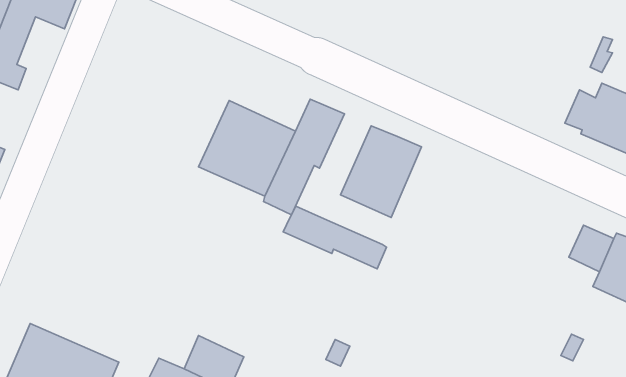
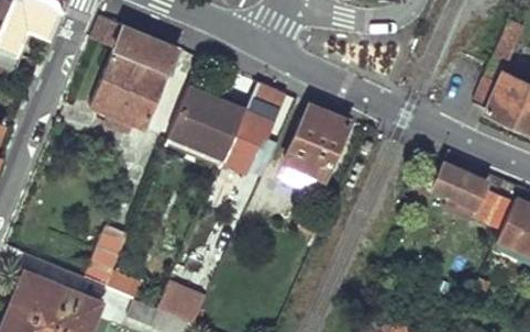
building: none -> [89,16,178,132]
building: none -> [431,161,482,203]
building: [283,206,387,269] -> none
building: none -> [79,225,125,287]

